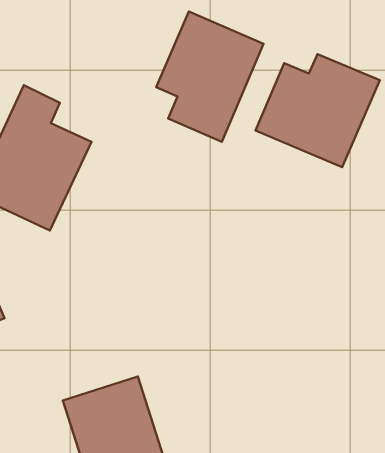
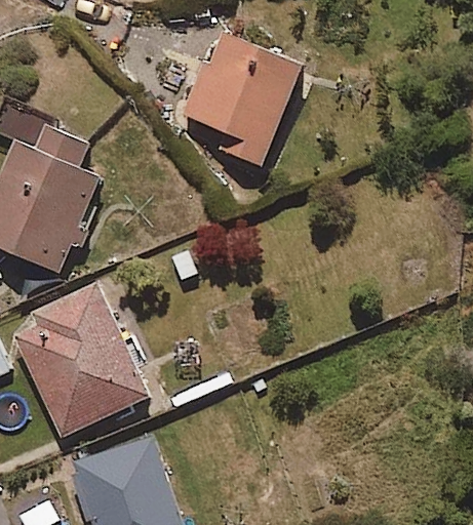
building: [255,54,380,167] -> none
building: none -> [8,283,152,437]

